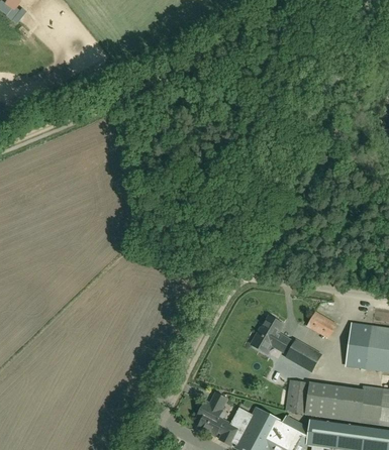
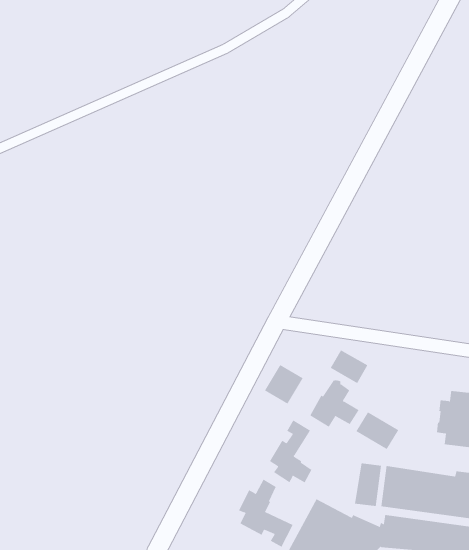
building: none -> [264,364,303,405]
building: [307,311,336,337] -> [330,349,368,384]
building: none -> [269,419,312,483]

